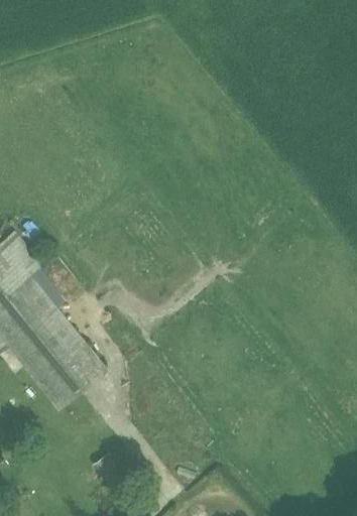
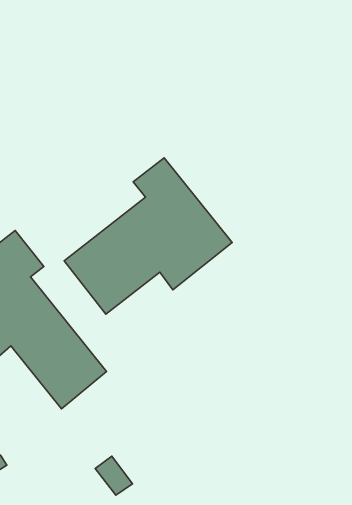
building: none -> [64,158,232,314]

